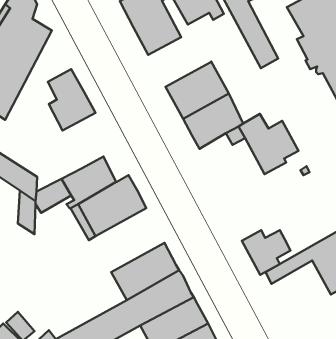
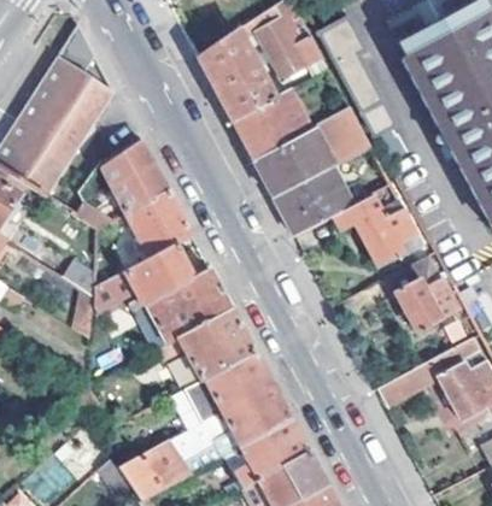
building: none -> [232,89,309,158]
building: none -> [316,106,369,163]
building: none -> [125,190,191,259]
building: none -> [177,308,252,390]
building: [242,230,290,275] -> [392,276,452,331]

